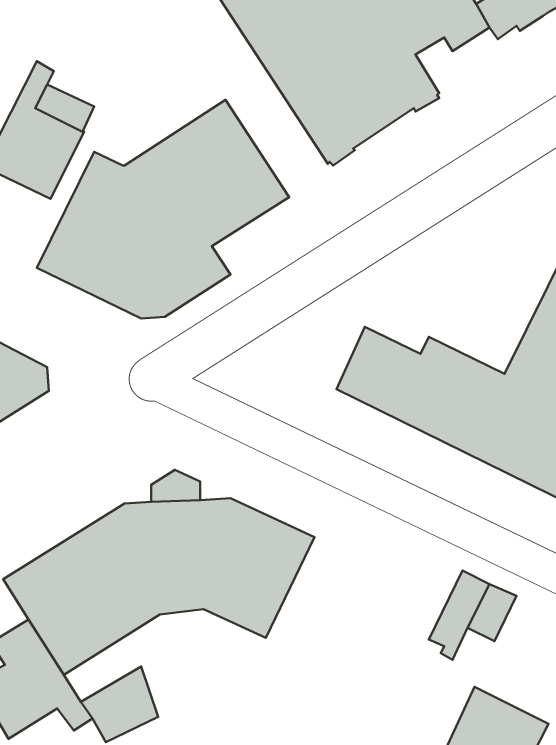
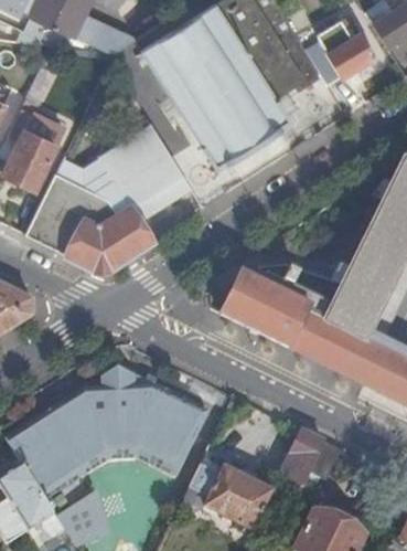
building: none -> [188,464,270,530]

